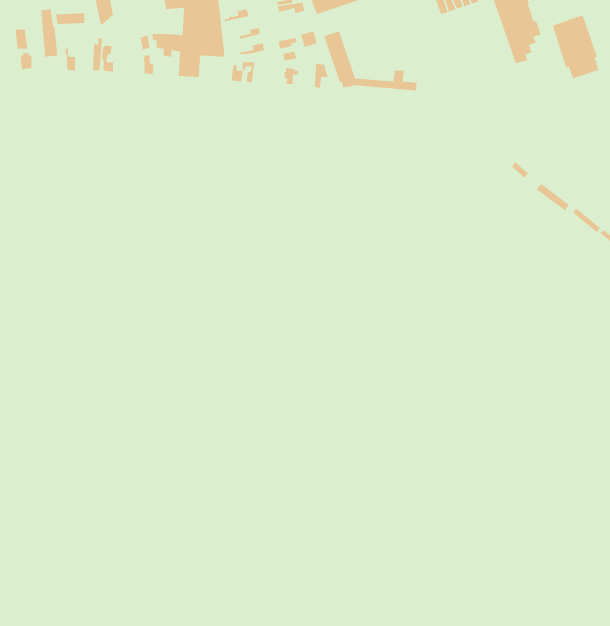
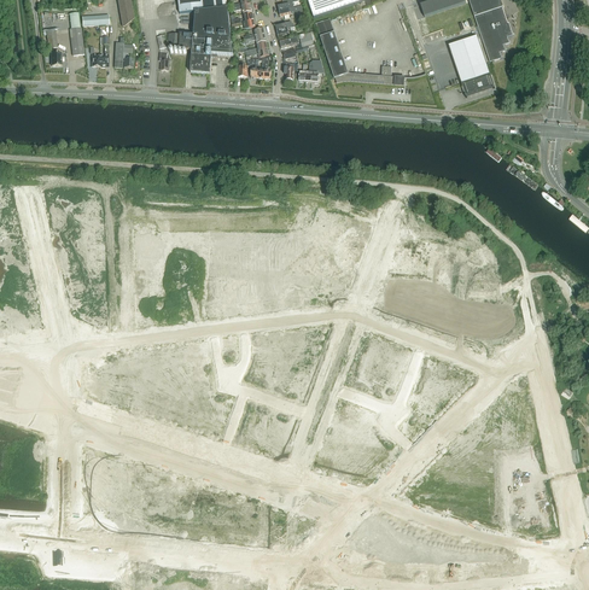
building: [552,14,600,80] -> [448,33,490,90]

